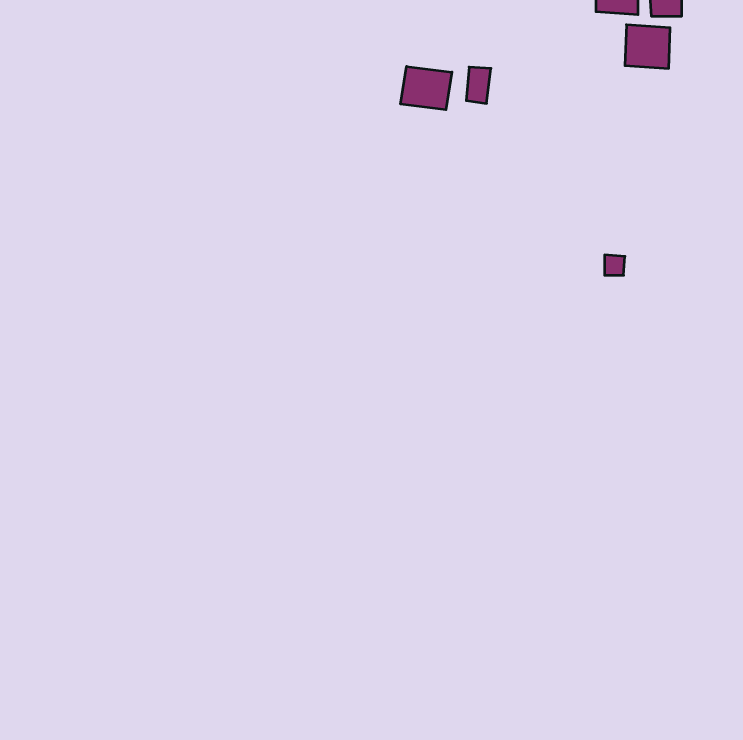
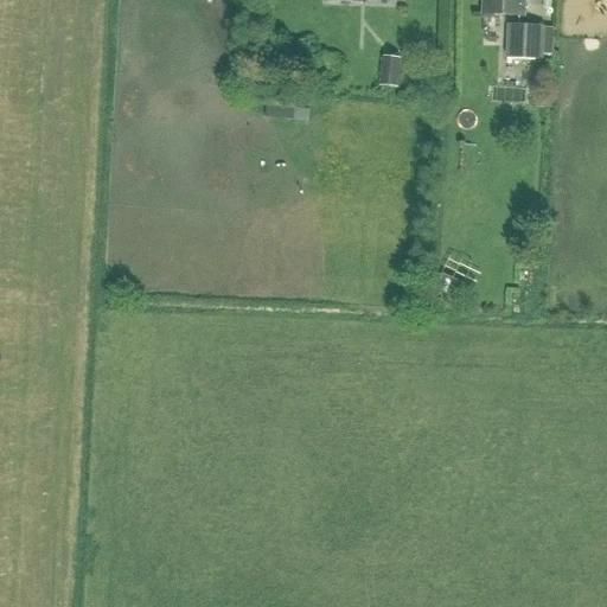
building: [401,66,452,110] -> none

